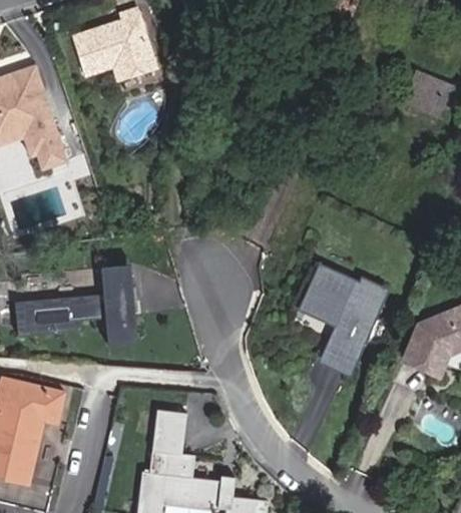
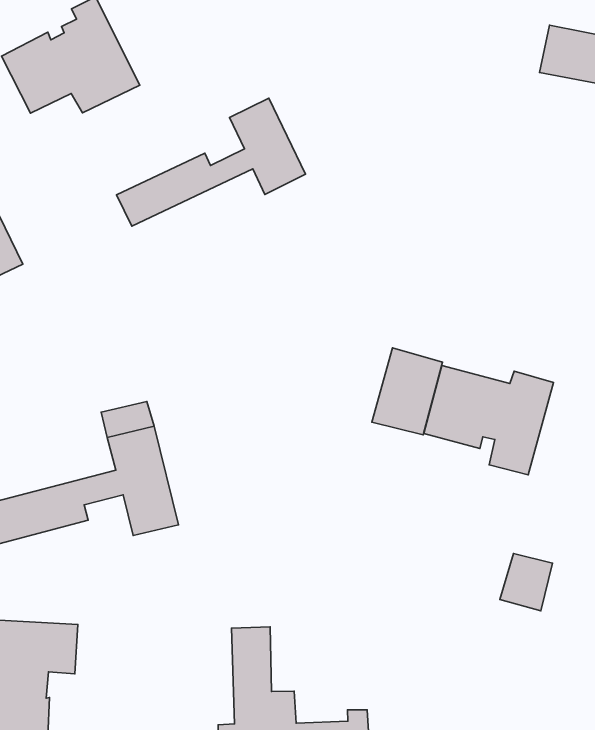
building: none -> [117,98,305,226]
building: none -> [372,348,443,435]
building: [322,337,358,375] -> [500,553,552,611]

